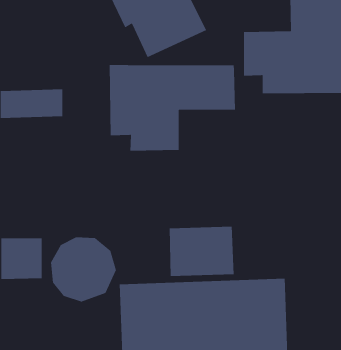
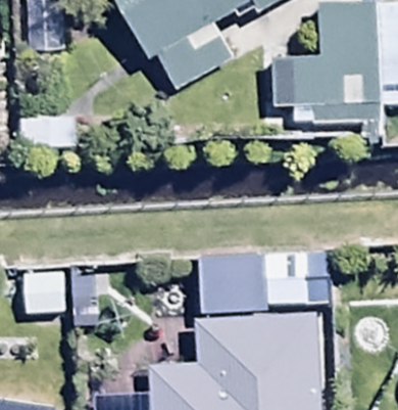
building: [109,64,236,151] -> none

